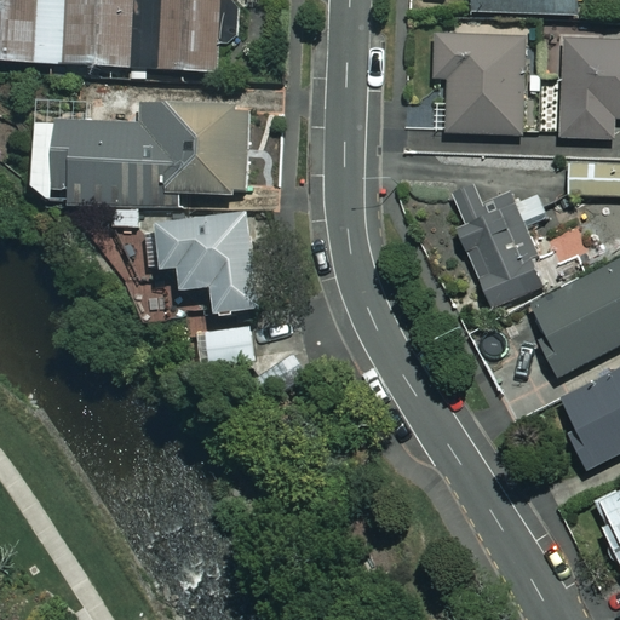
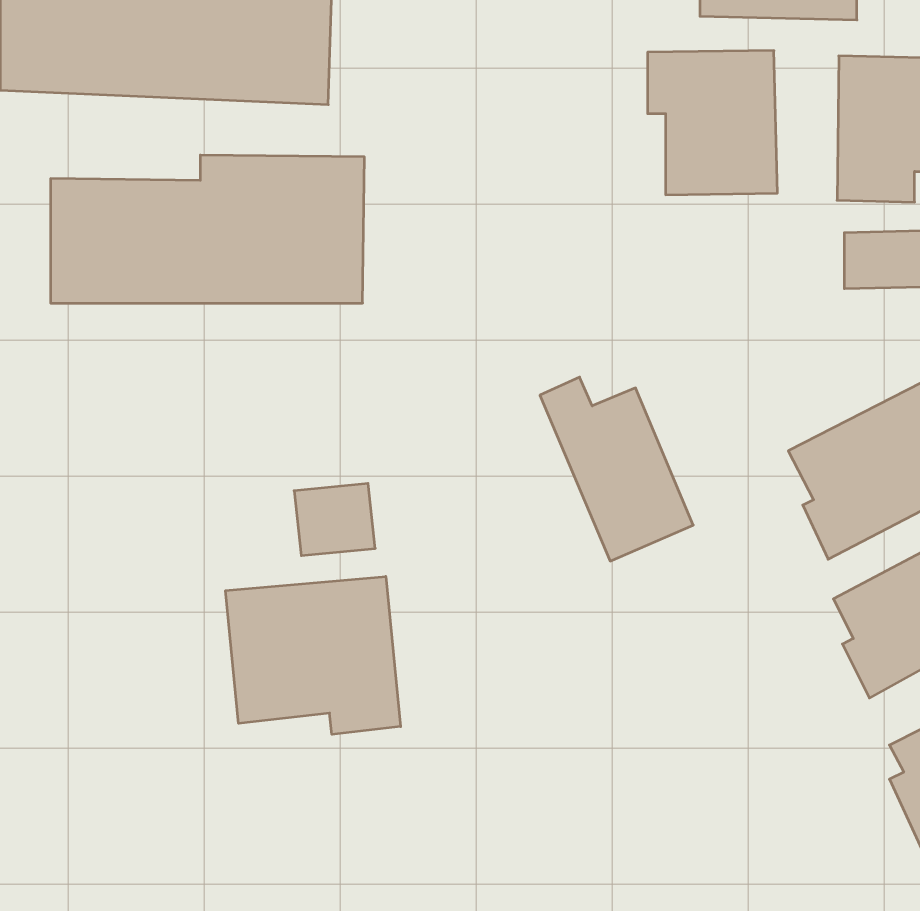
building: [446,184,549,308] -> [540,377,693,561]
building: [115,209,256,315] -> none
building: none -> [226,576,401,734]

